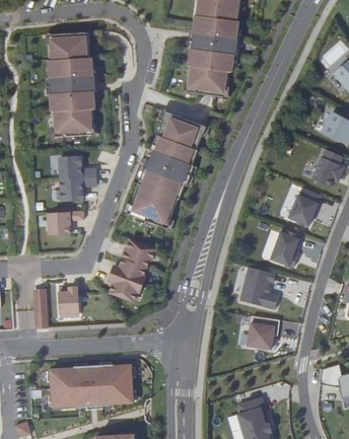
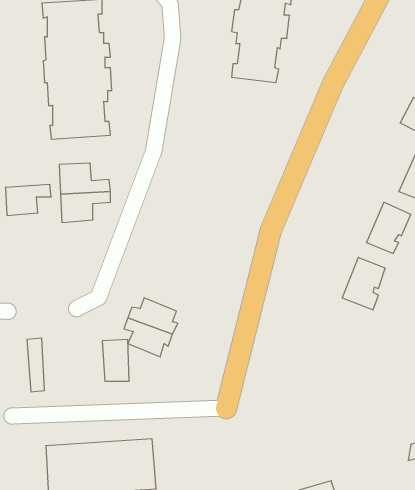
building: [126,111,205,228] -> none
building: [46,211,80,234] -> [5,185,51,216]
building: [122,237,157,269] -> none
building: [245,267,283,309] -> none
building: [59,286,79,317] -> [102,340,129,381]
building: [249,315,280,346] -> none

